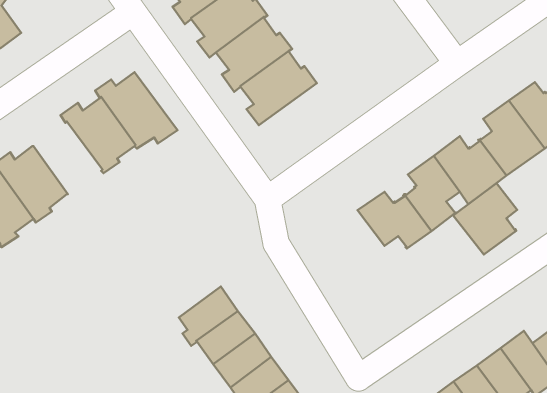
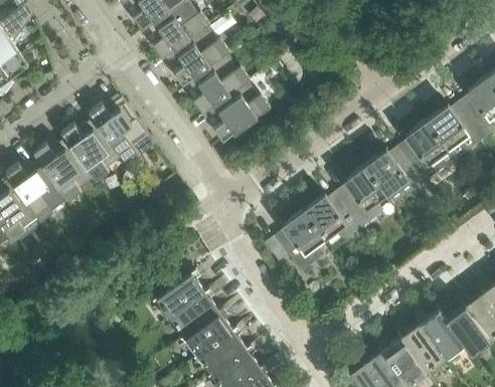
building: none -> [33,138,95,200]
building: [453,183,517,255] -> none
building: none -> [279,210,325,272]

